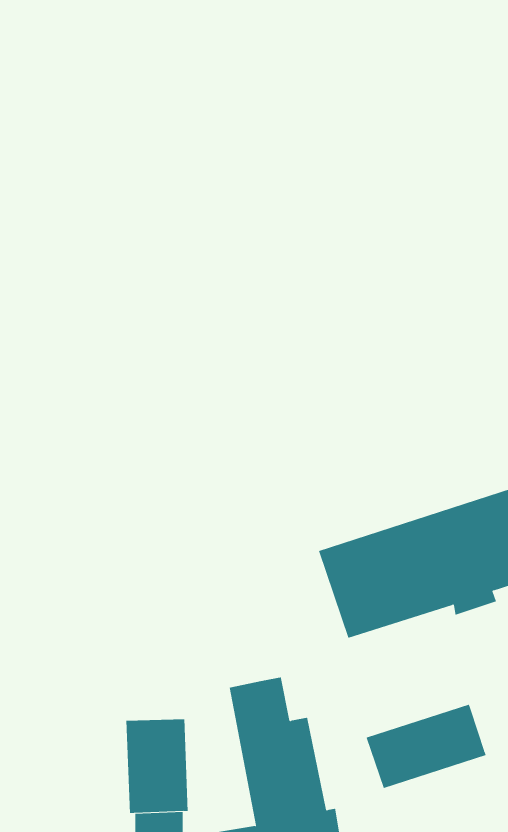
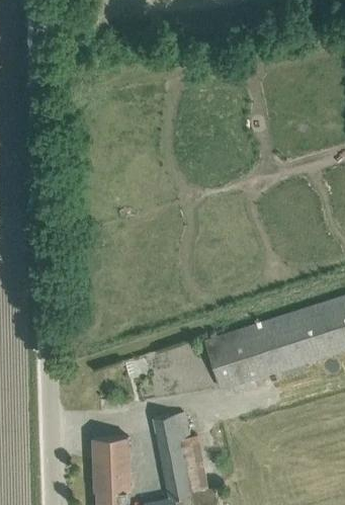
building: [366,704,487,789] -> none

